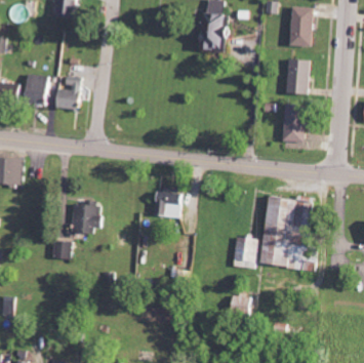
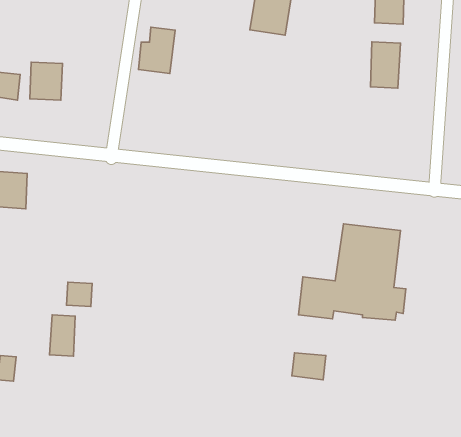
building: [57,75,85,110] -> [139,27,175,73]
building: [279,107,301,142] -> none
building: [157,188,184,216] -> none
building: [75,203,105,232] -> none
building: none -> [49,315,75,356]

